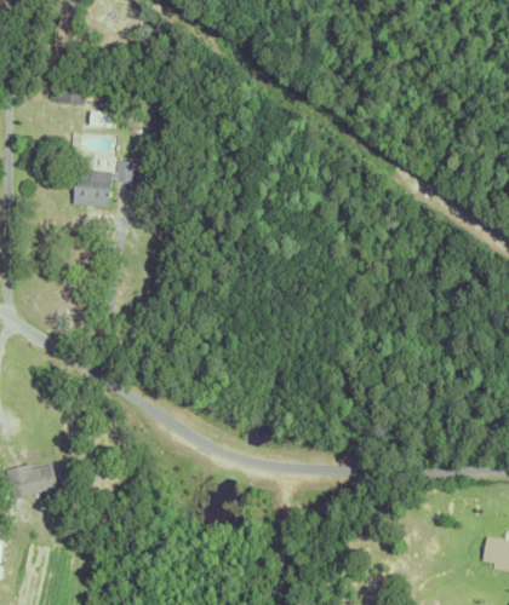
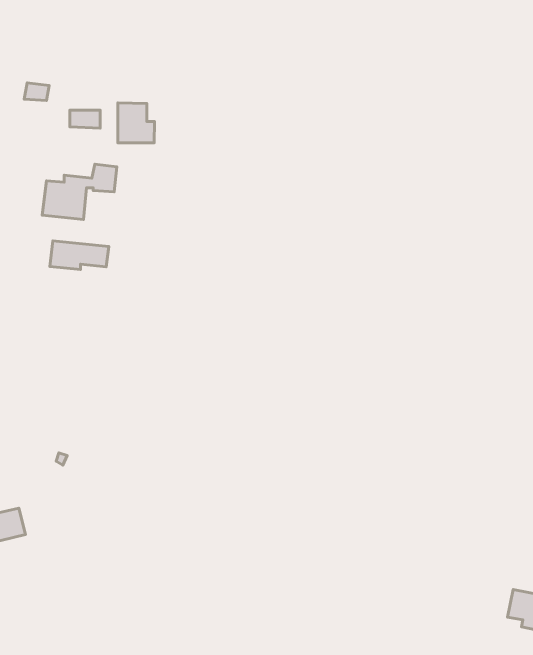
building: none -> [118,103,154,143]
building: none -> [50,241,109,270]

